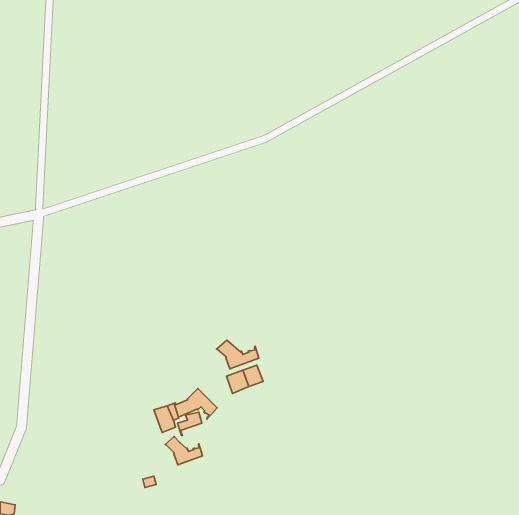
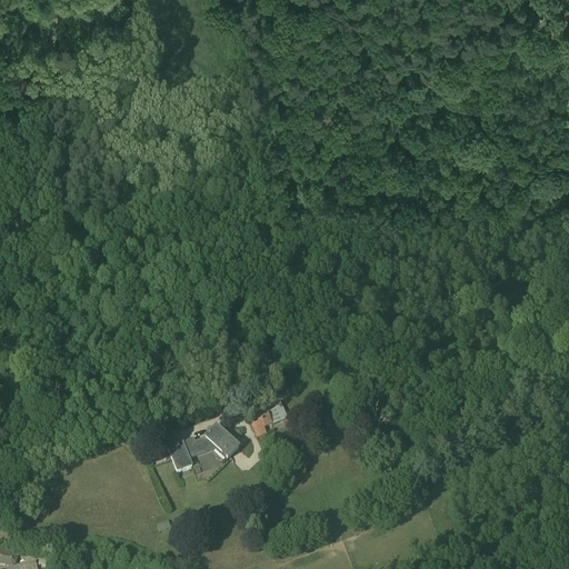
building: [216,340,259,369] -> none
building: [165,436,203,465] -> none

